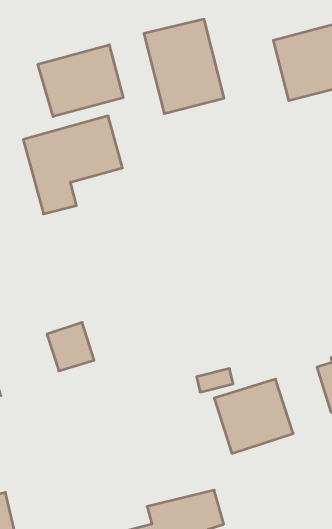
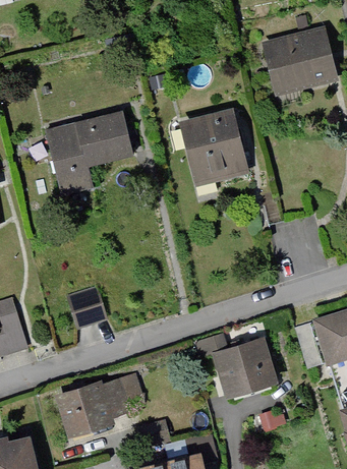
building: [144,19,224,114] -> [179,109,248,190]
building: [38,45,123,117] -> none
building: none -> [54,377,146,444]

